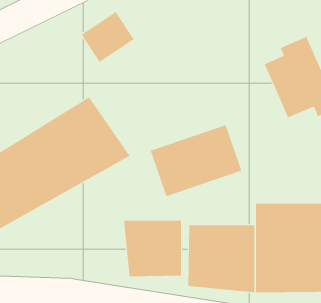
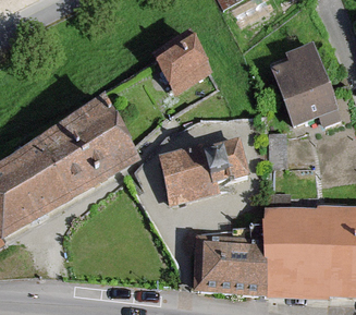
building: [81,11,135,63] -> [157,38,211,90]
building: [124,220,181,277] -> none

